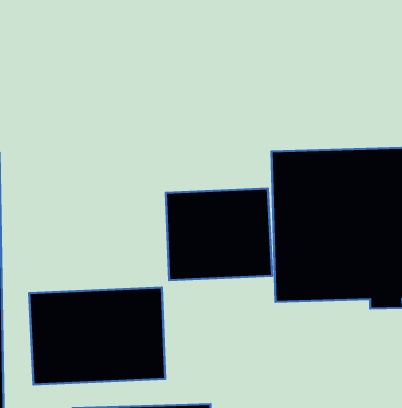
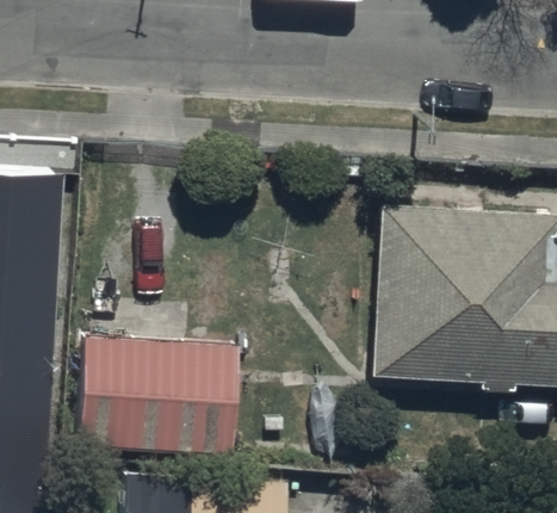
building: [166,188,272,280] -> none

